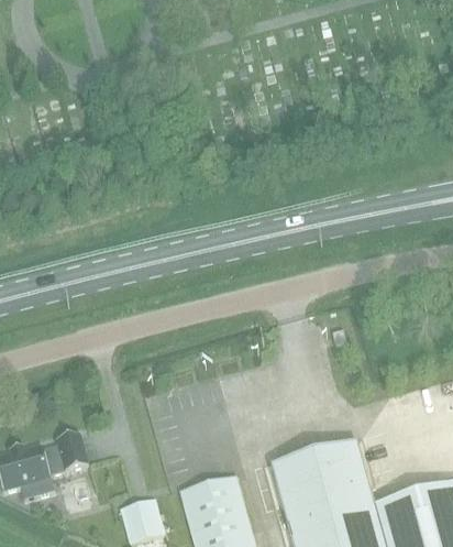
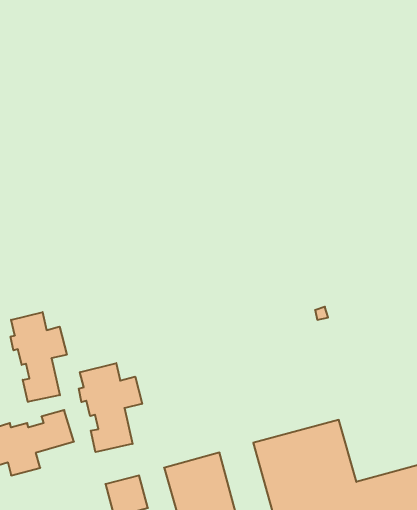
building: none -> [11,312,67,402]
building: none -> [79,363,142,452]

